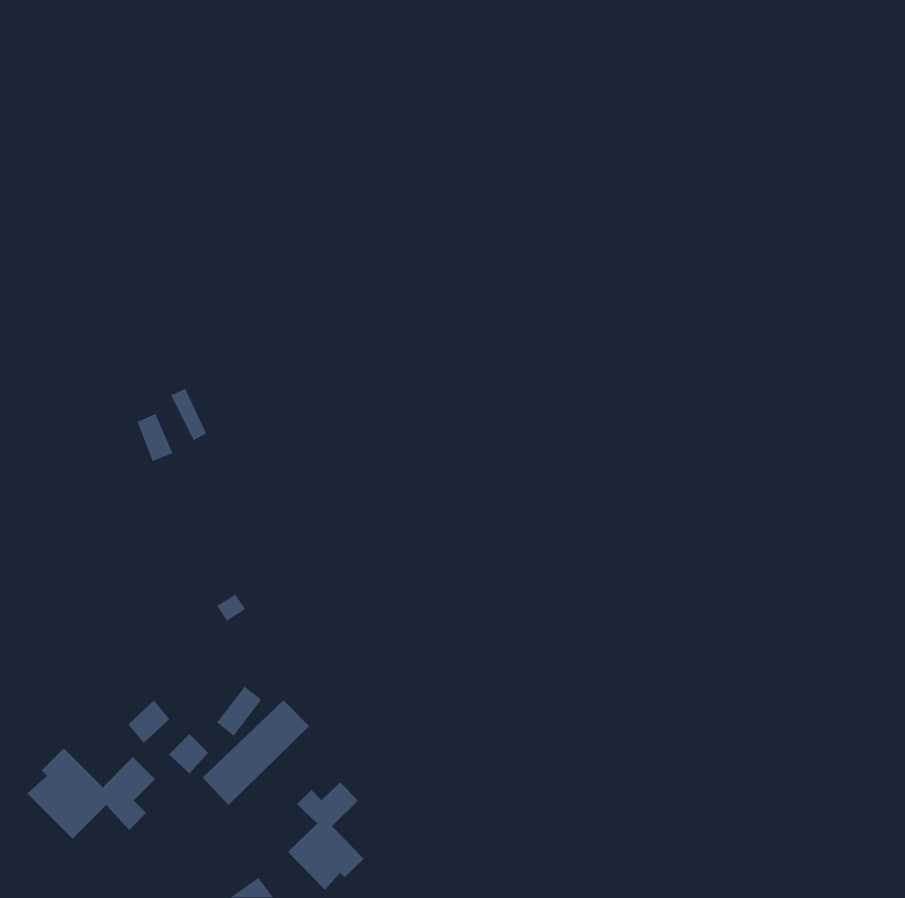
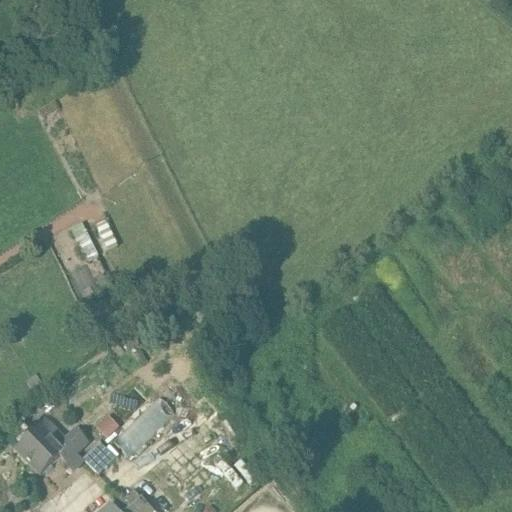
building: none -> [84,441,116,474]
building: [287,781,365,890] -> none

